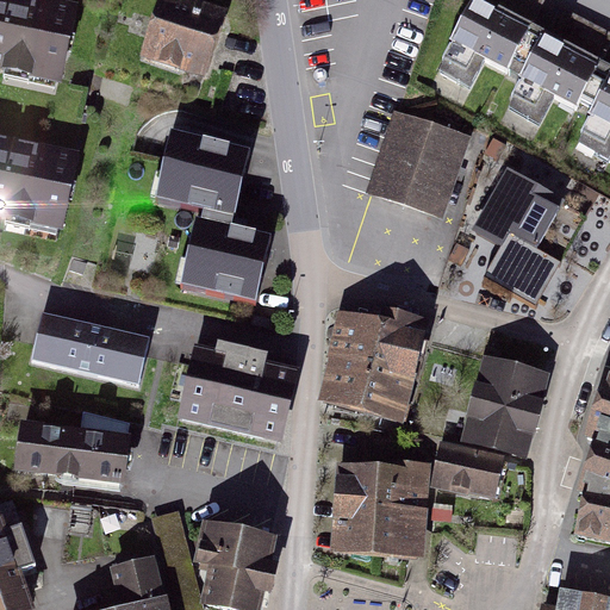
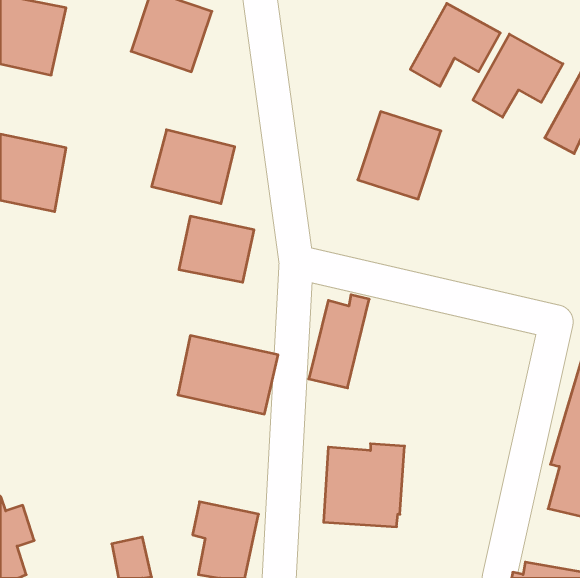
building: [467,168,574,312] -> none
building: [25,312,141,381] -> none
building: [366,313,425,416] -> none
building: [469,361,546,455] -> none
building: [7,422,122,483] -> none
building: [440,446,504,493] -> none

